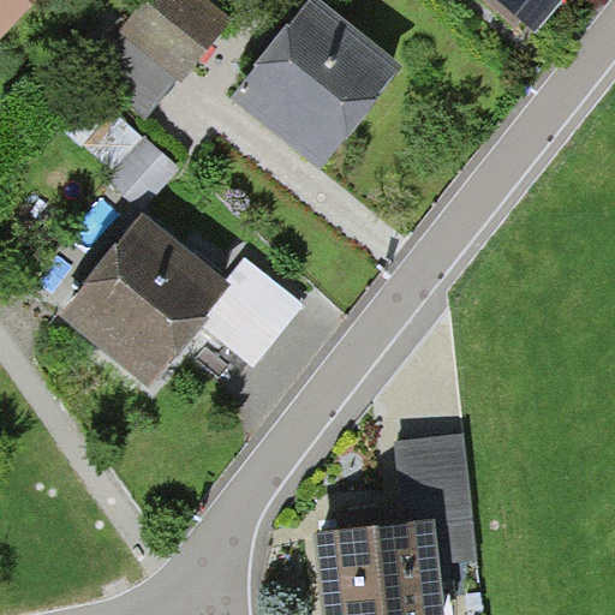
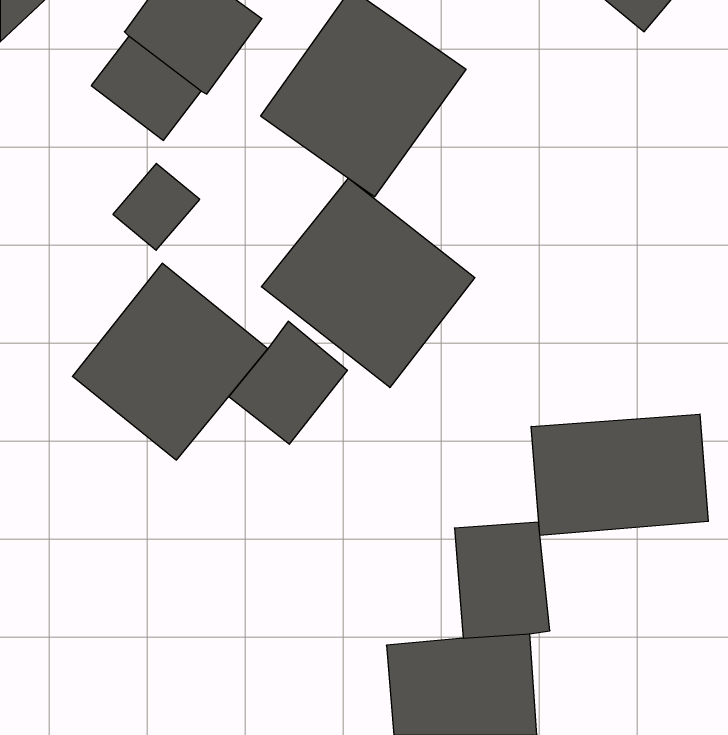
building: none -> [261,178,475,388]
building: none -> [531,414,708,535]

